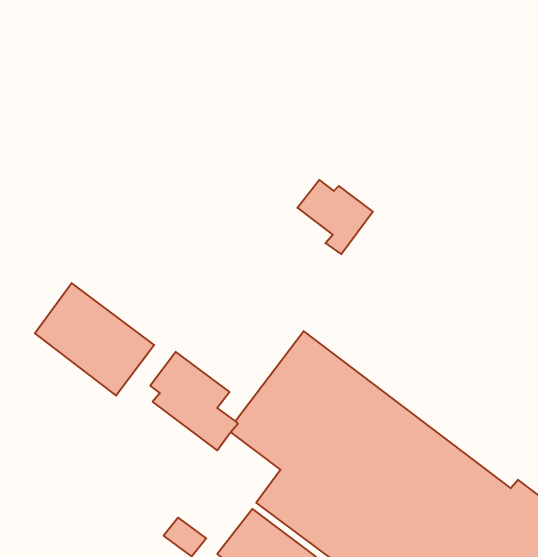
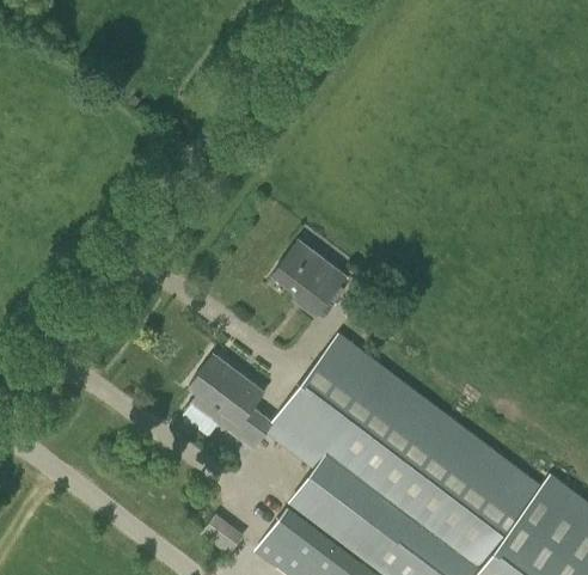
building: [297,180,373,254] -> [274,246,348,319]
building: [35,283,154,396] -> none

